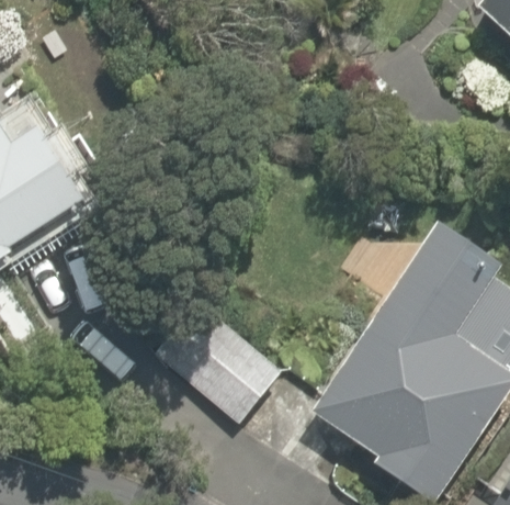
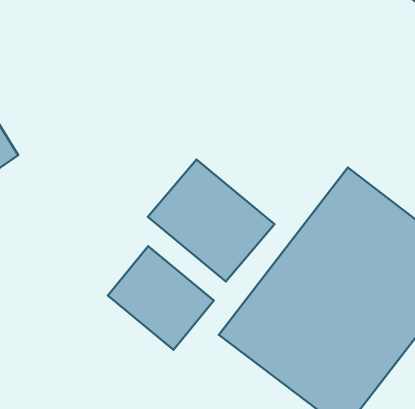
building: none -> [148,159,275,282]

